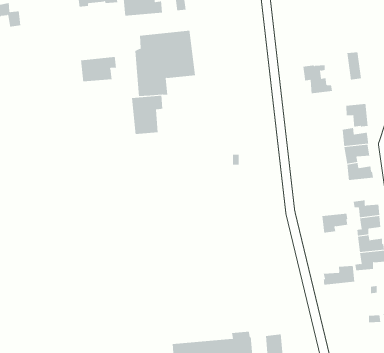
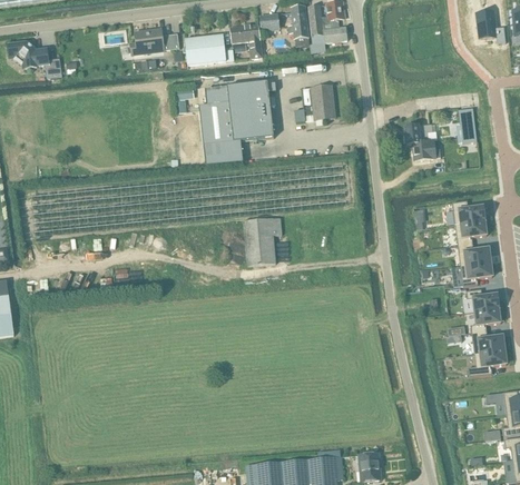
building: none -> [304,85,335,119]
building: [80,56,117,82] -> none
building: [131,95,163,134] -> [243,217,282,265]
building: [346,103,368,128] -> none
building: [322,213,348,233] -> [460,261,492,286]
building: [323,265,355,285] -> none

